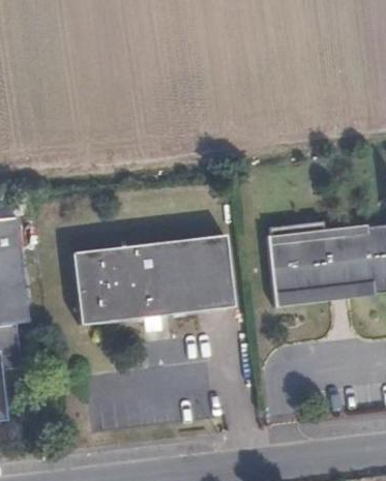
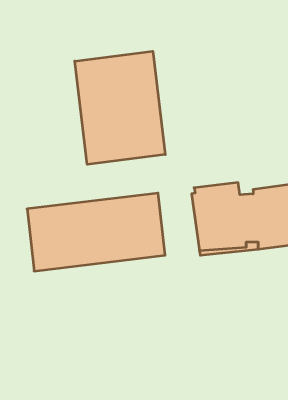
building: none -> [75,51,165,164]

